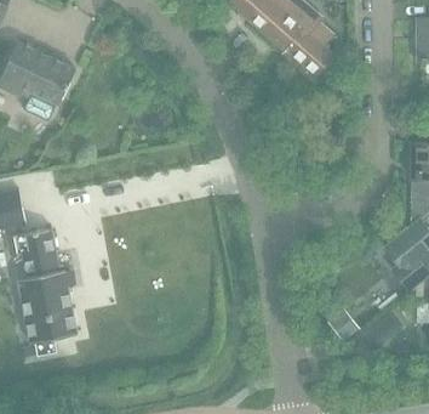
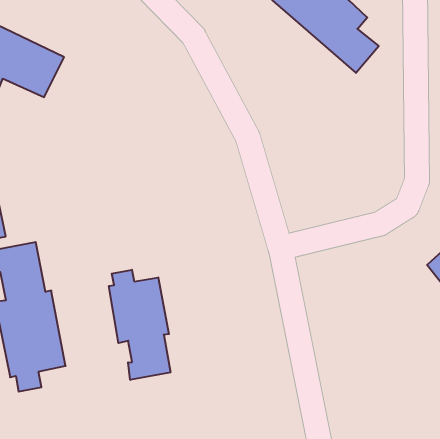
building: none -> [109,270,170,380]

